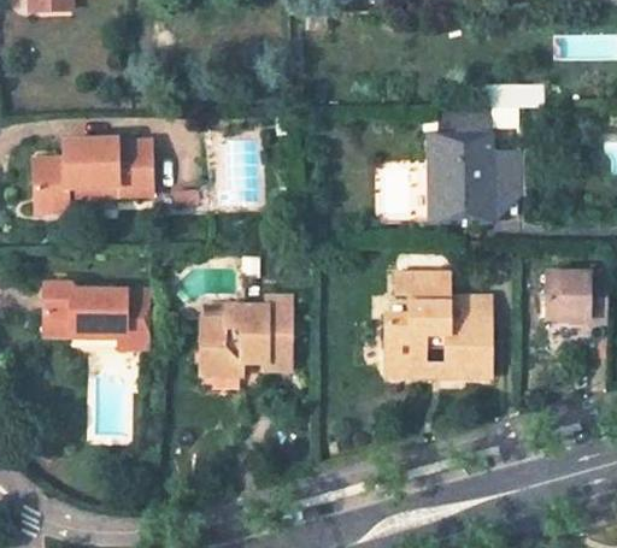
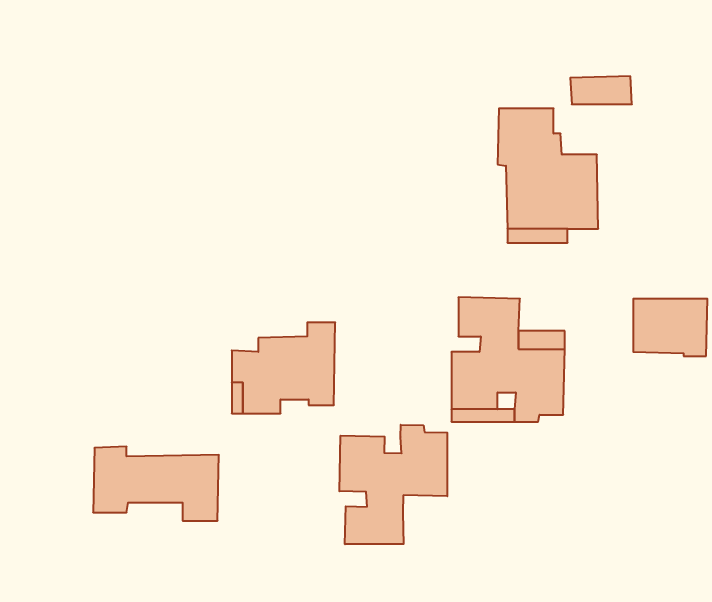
building: [31,141,152,217] -> none
building: [37,282,146,346] -> [93,447,219,521]
building: none -> [339,425,447,544]

